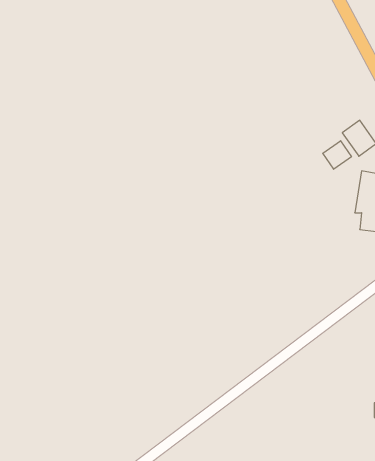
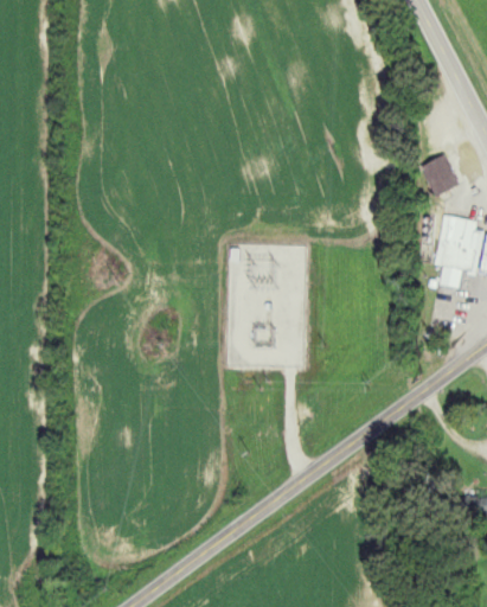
building: [323,141,351,169] -> none

